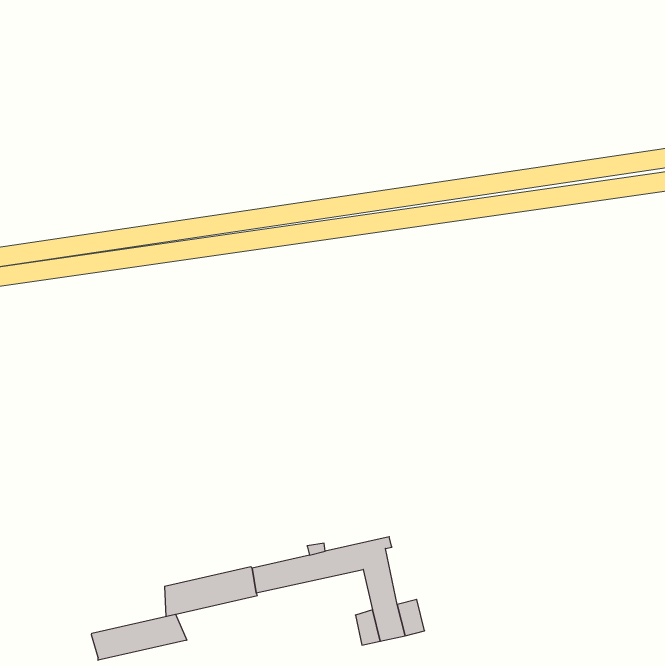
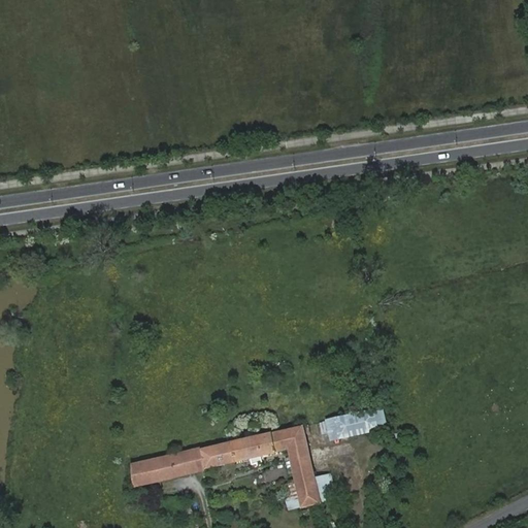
building: none -> [318,406,386,440]
building: [91,614,187,660] -> none

